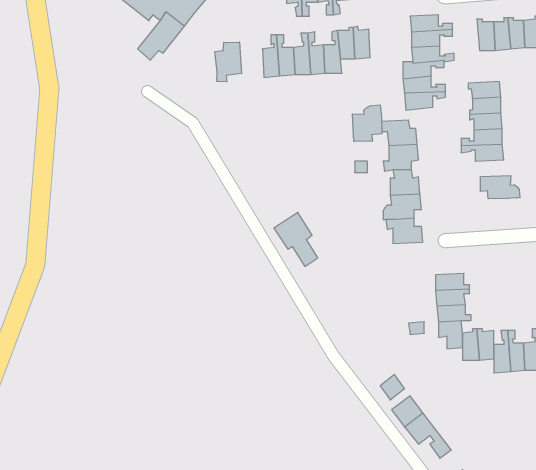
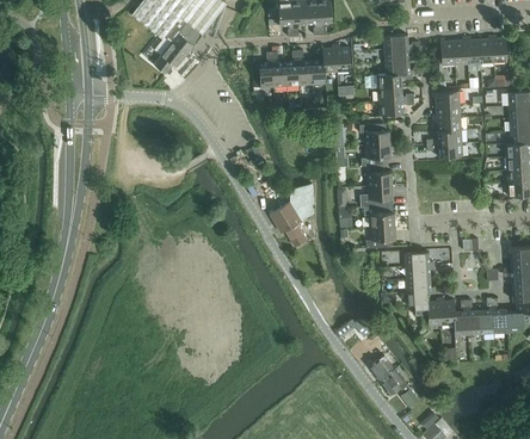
building: [215,42,242,82] -> none
building: [352,105,382,142] -> none
building: [480,176,520,199] -> none
building: none -> [365,225,395,248]

